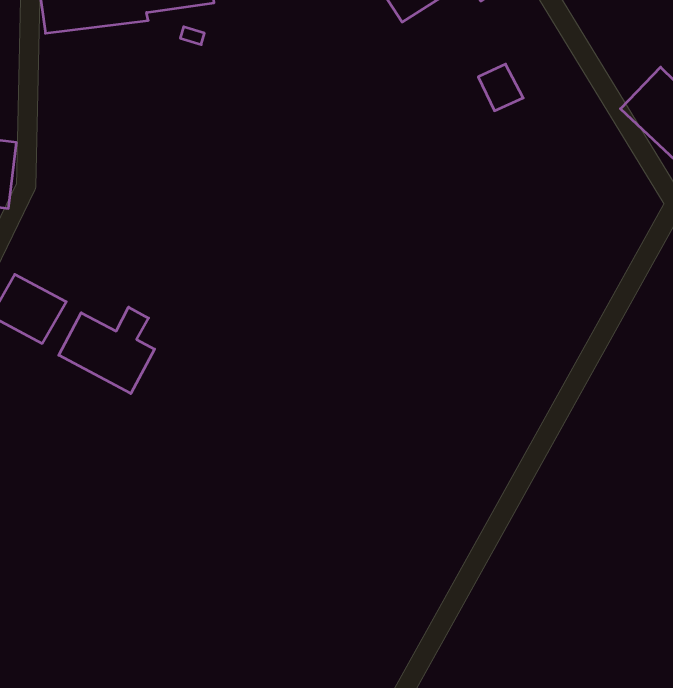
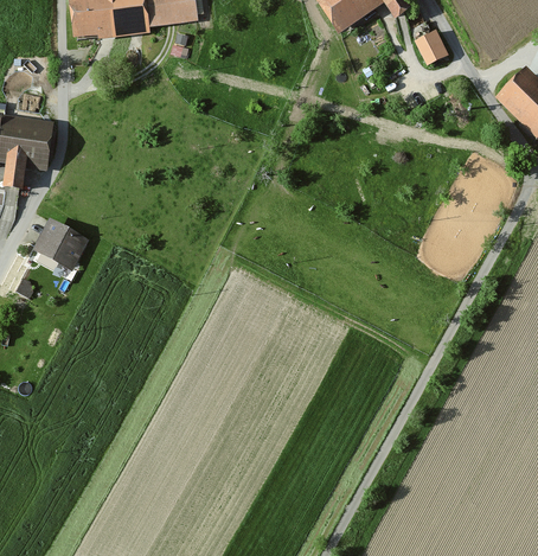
building: [478,64,523,111] -> [416,27,449,62]
building: [59,307,155,394] -> none

